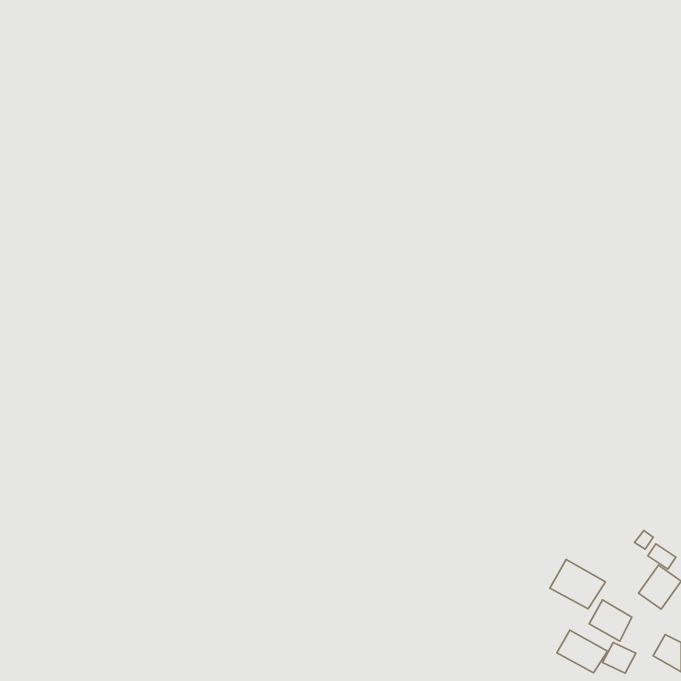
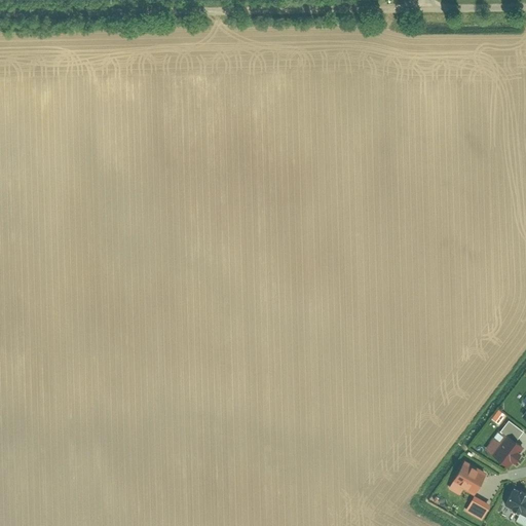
building: [550,560,606,609] -> none
building: [557,630,608,673] -> none

